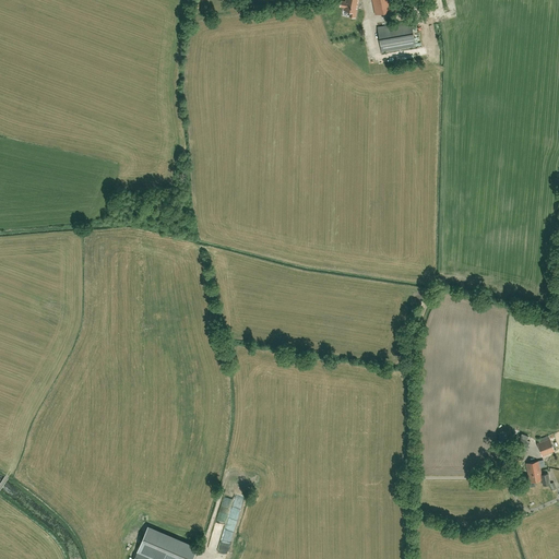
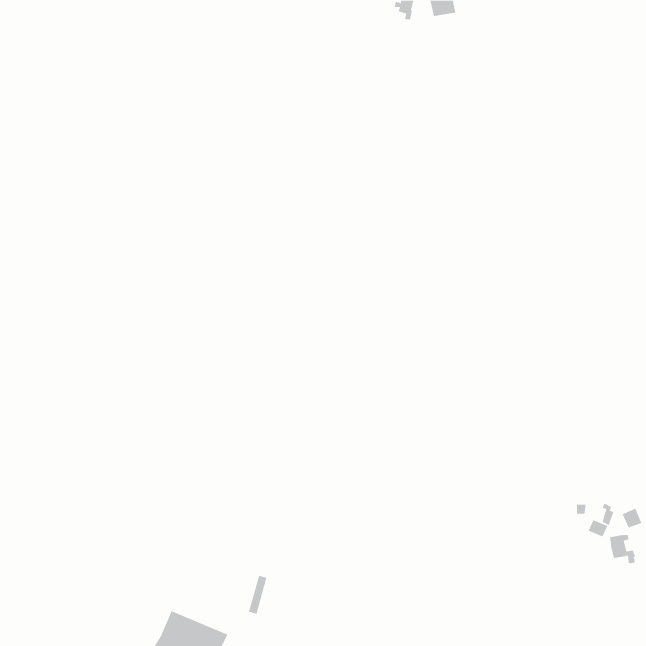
building: [377,23,415,53] -> none

